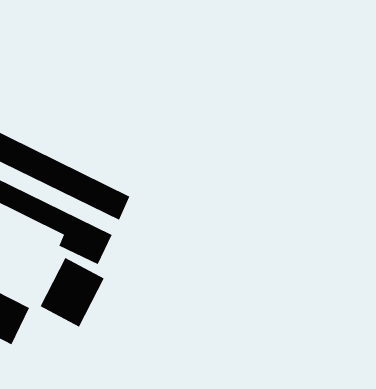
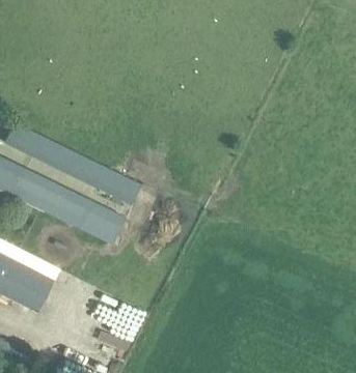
building: [40,257,104,328] -> none

